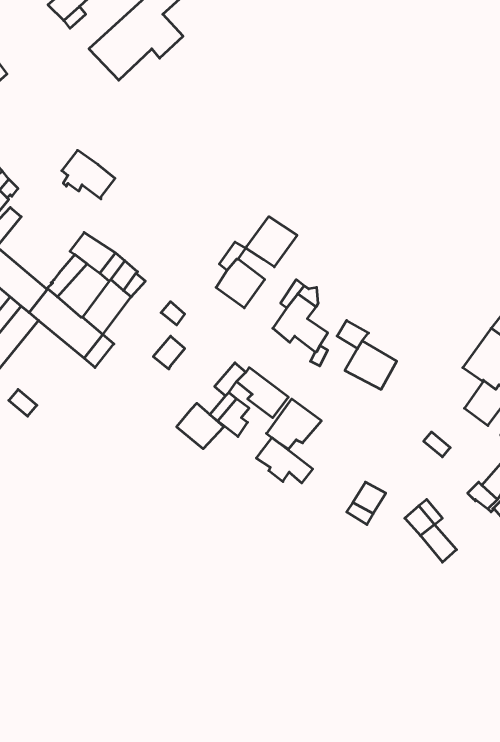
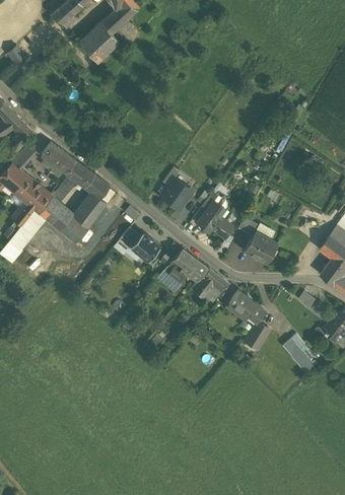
building: [62,150,115,199] -> [41,143,75,174]
building: [246,217,297,267] -> none
building: [177,403,224,449] -> [131,232,161,262]
building: [256,438,313,483] -> [228,291,265,321]

